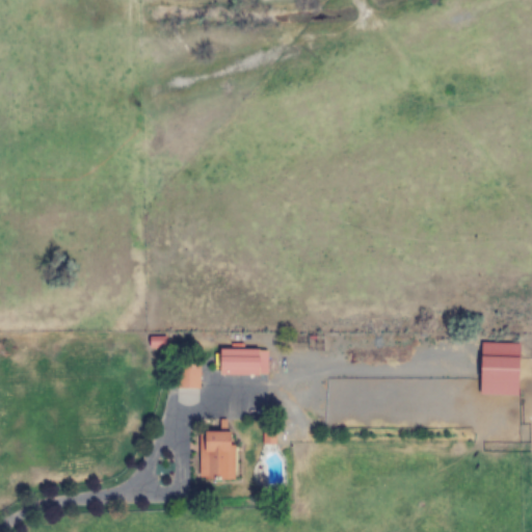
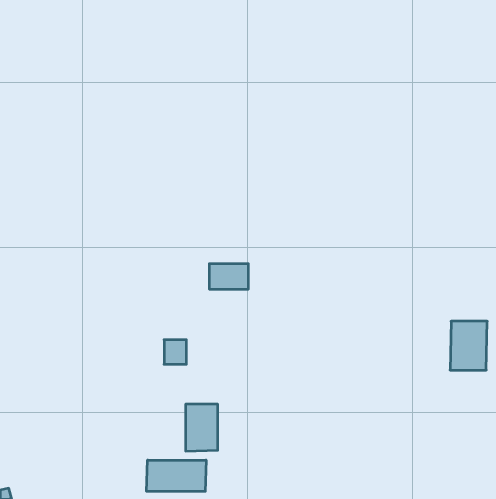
building: [221,348,263,375] -> [209,264,248,289]
building: none -> [147,460,206,491]

